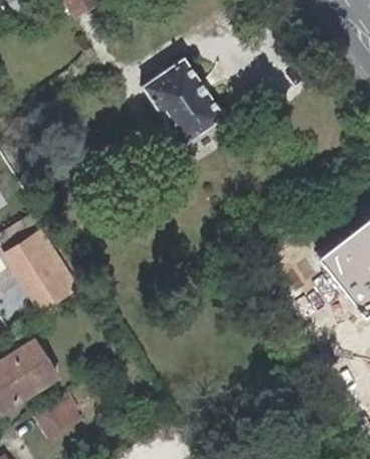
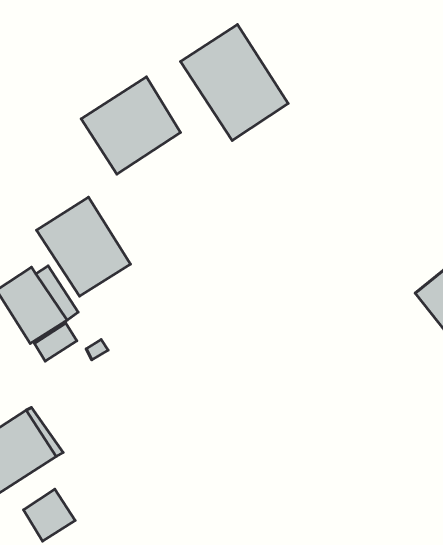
building: none -> [81,77,180,174]
building: none -> [37,197,131,296]

